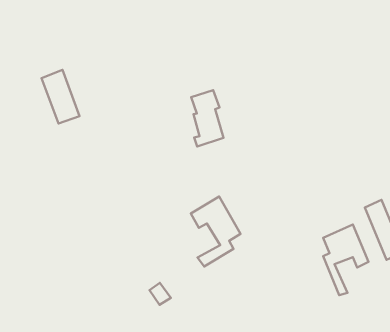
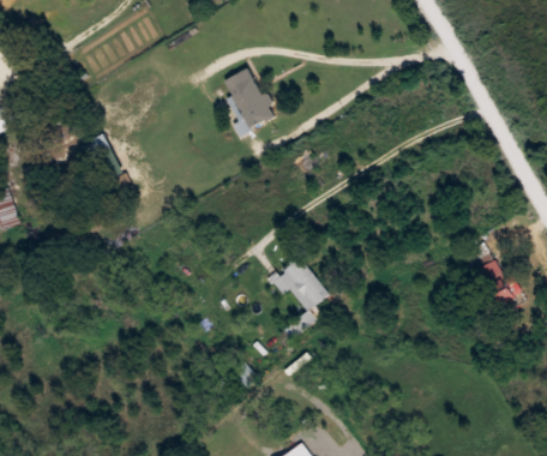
building: [191,90,224,146] -> [227,68,269,134]
building: [323,224,368,295] -> none

